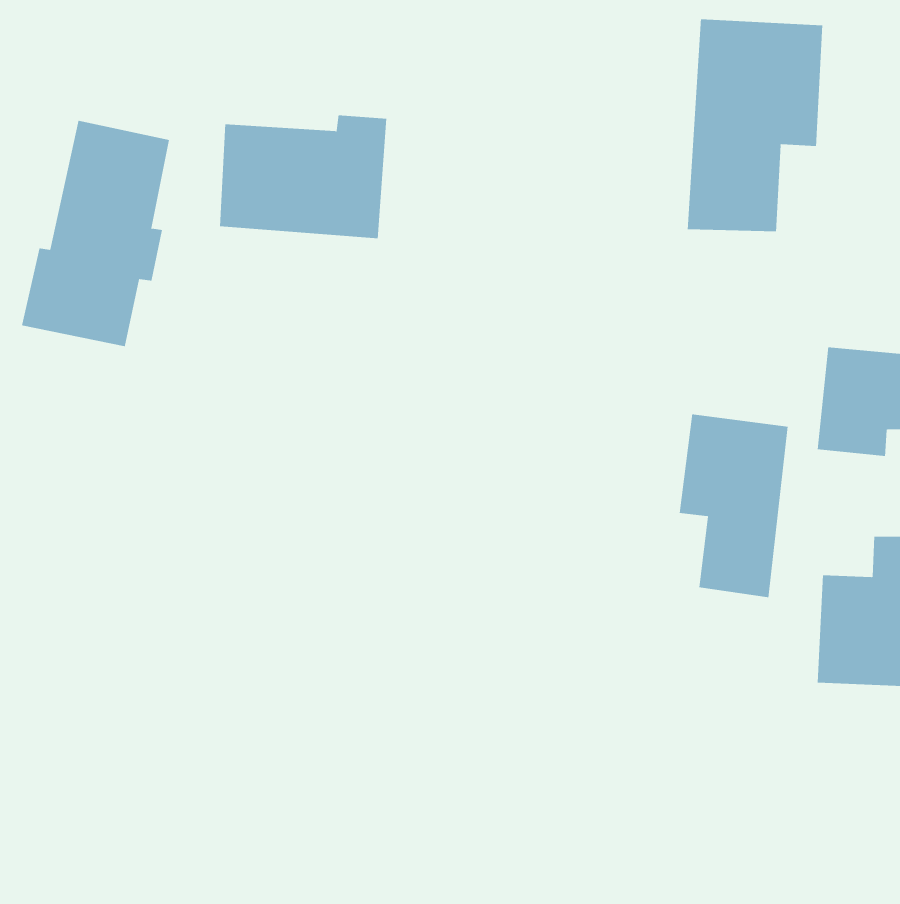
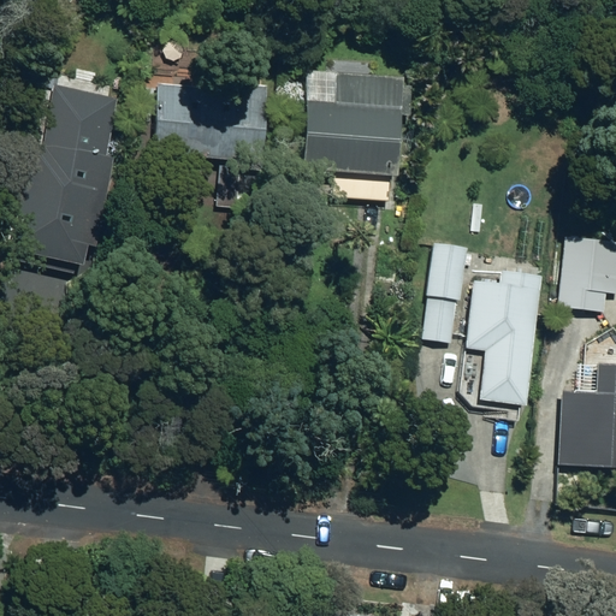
building: [687,19,823,232] -> none
building: none -> [301,72,402,176]
building: none -> [424,243,469,343]

